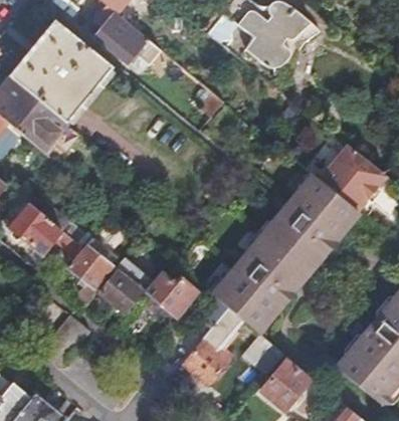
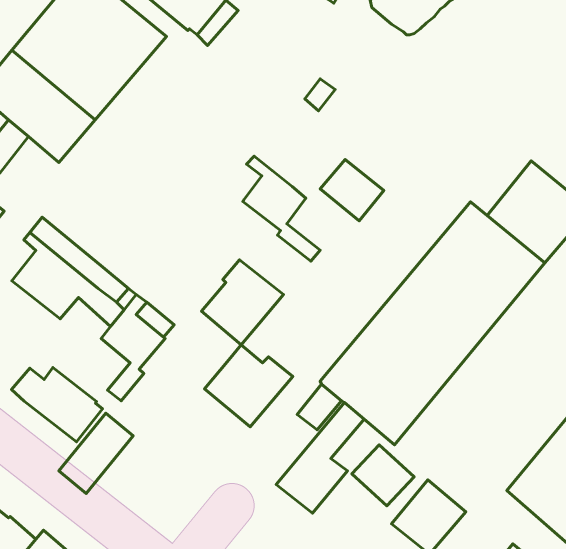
building: none -> [243,156,320,261]
building: none -> [320,160,384,221]
building: [98,257,153,313] -> [202,260,284,345]
building: none -> [12,368,102,442]

